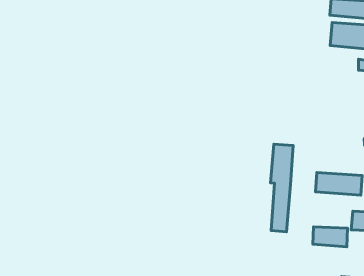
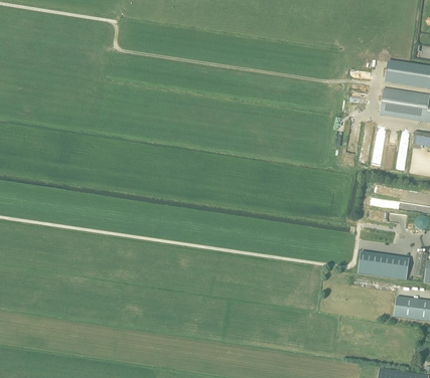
building: [271,144,293,232] -> none
building: [313,227,348,247] -> none

